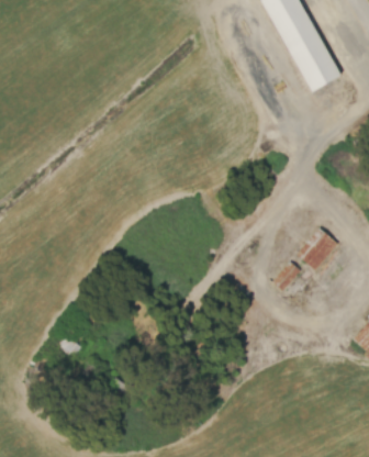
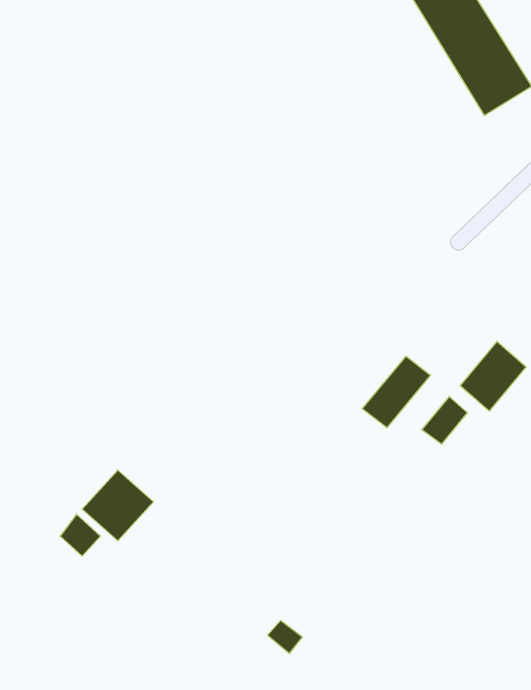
building: none -> [362,356,431,428]
building: none -> [82,470,154,541]

